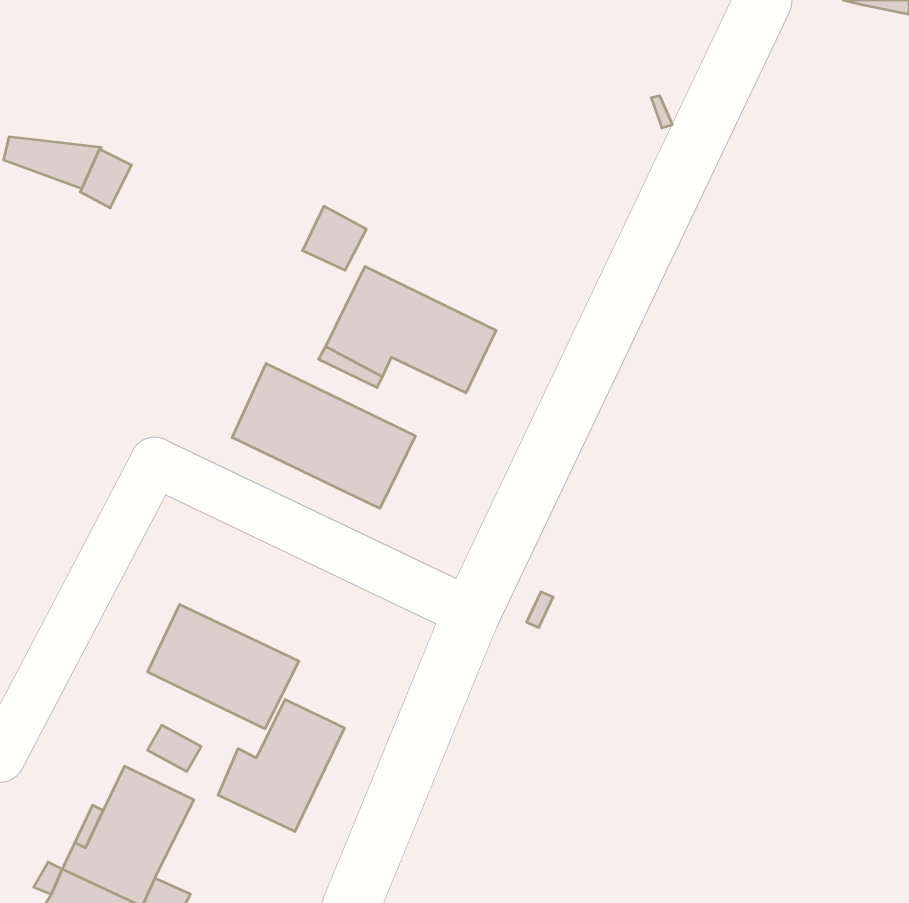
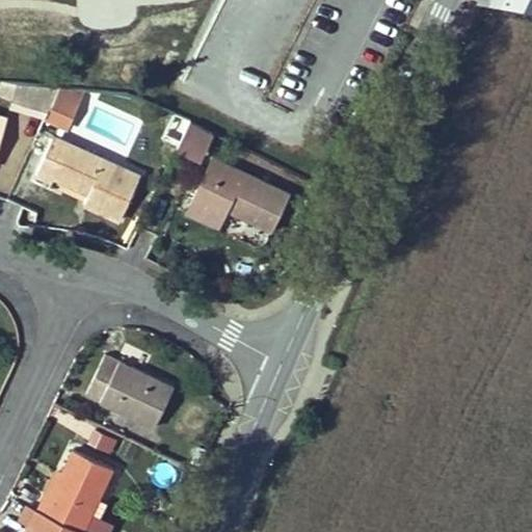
building: none -> [36,138,140,221]
building: [232,363,415,508] -> none
building: [218,699,344,832] -> none

